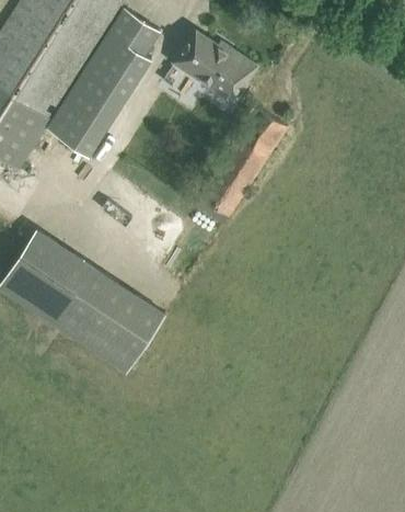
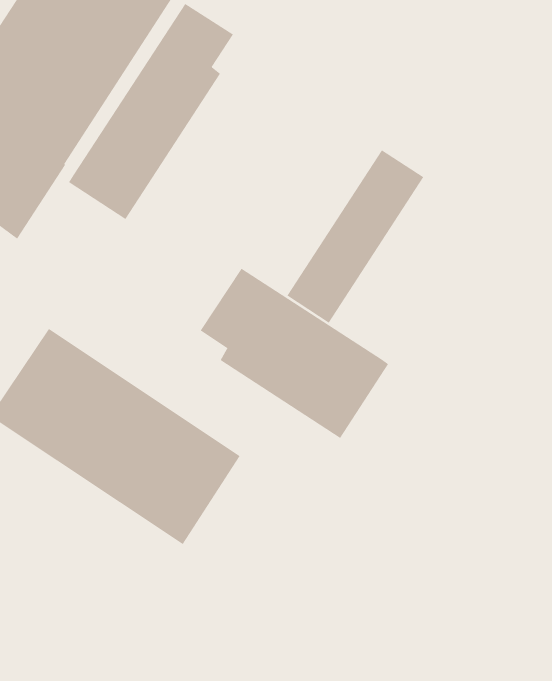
building: [173,31,256,95] -> none
building: none -> [200,268,389,439]

